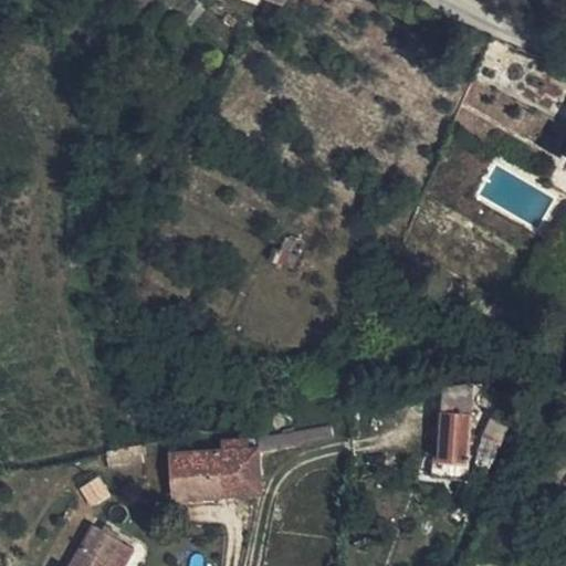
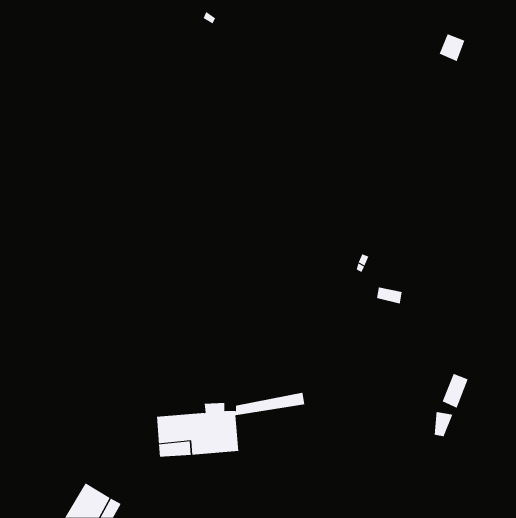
building: [437,385,471,476] -> none

